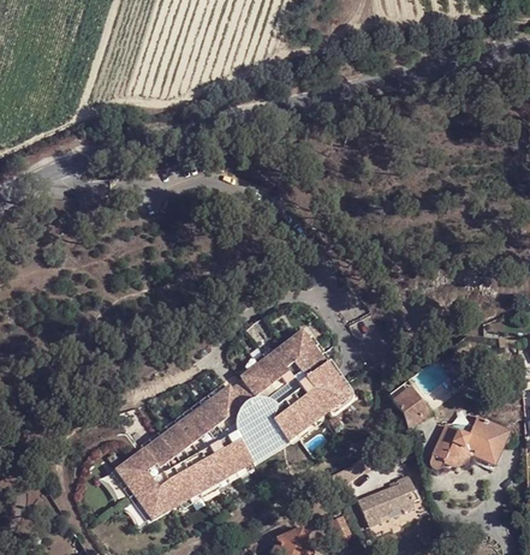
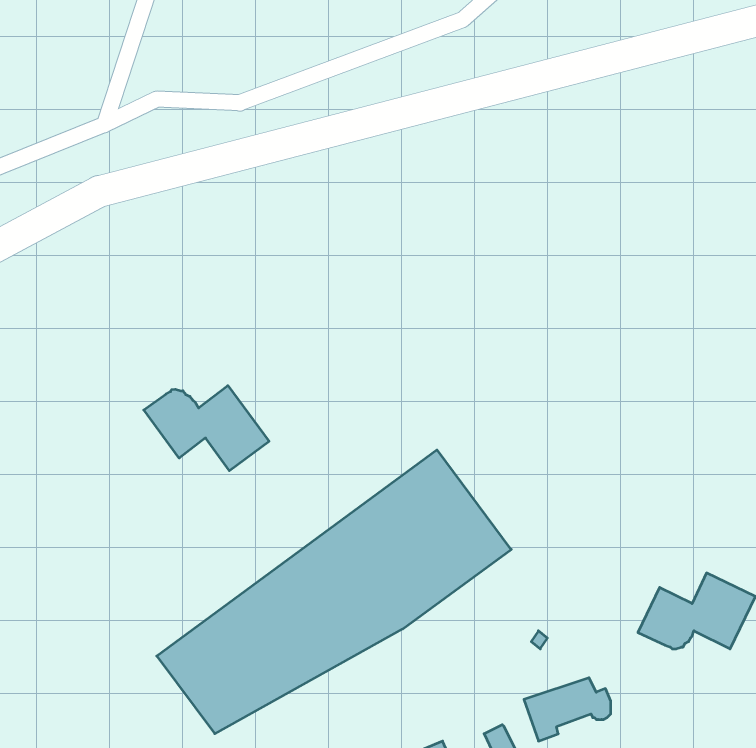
building: none -> [144,386,269,471]
building: [395,388,431,429] -> none

